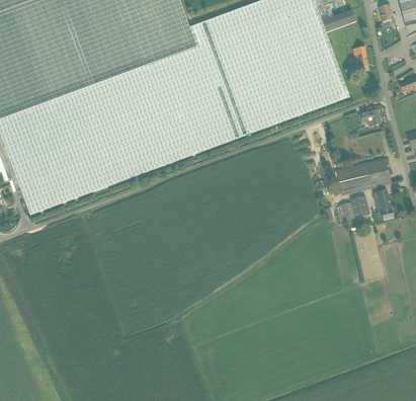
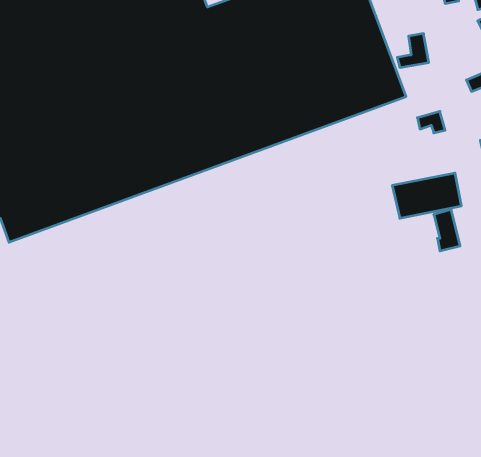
building: [335,193,369,219] -> none

